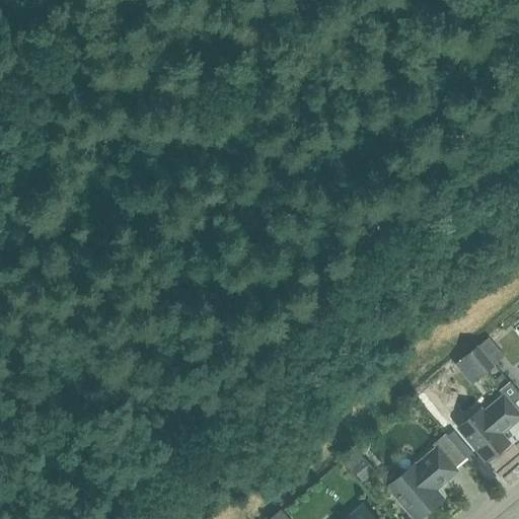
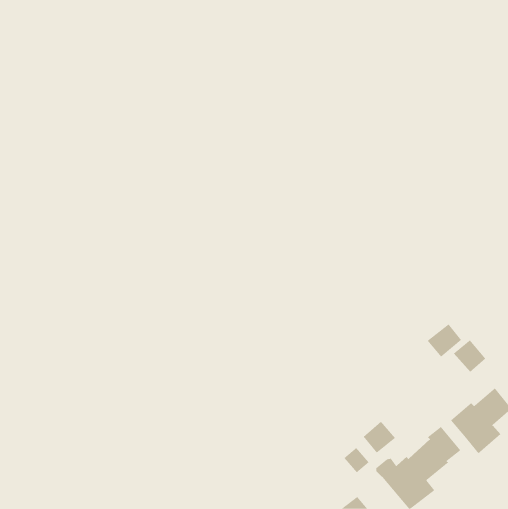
building: none -> [427,323,462,357]
building: none -> [363,421,396,453]

